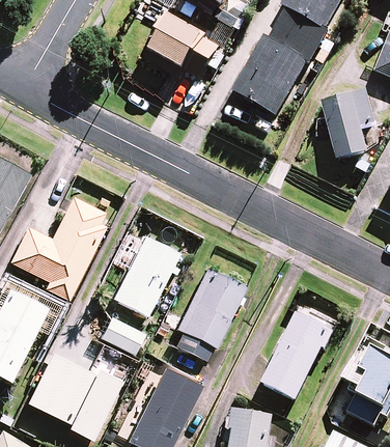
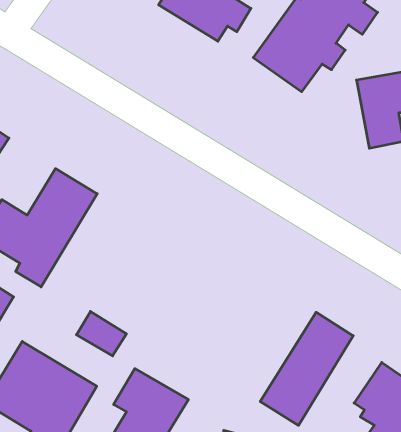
building: [113,236,179,316] -> none
building: [176,270,246,362] -> none

